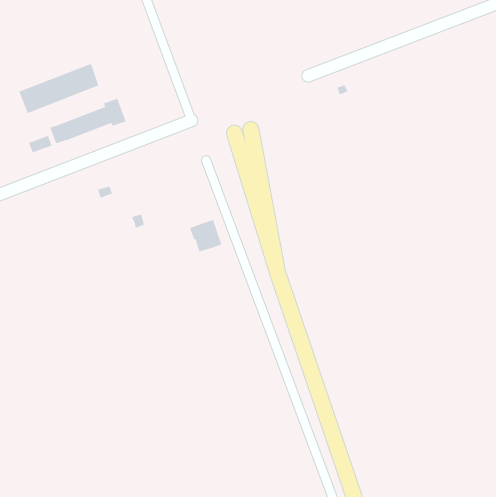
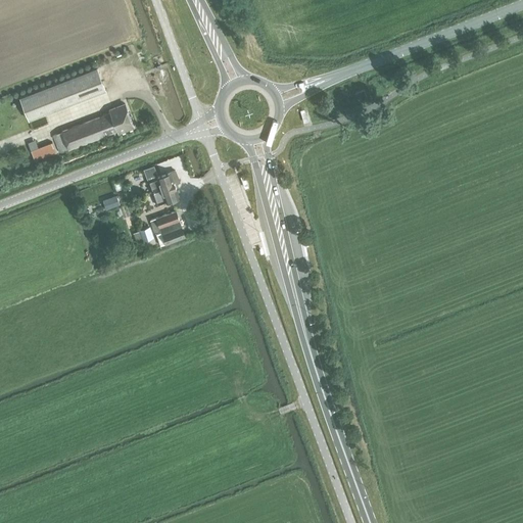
building: none -> [147,171,179,204]
building: [189,219,222,252] -> [149,210,184,245]

